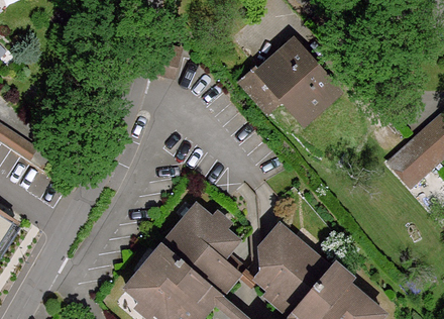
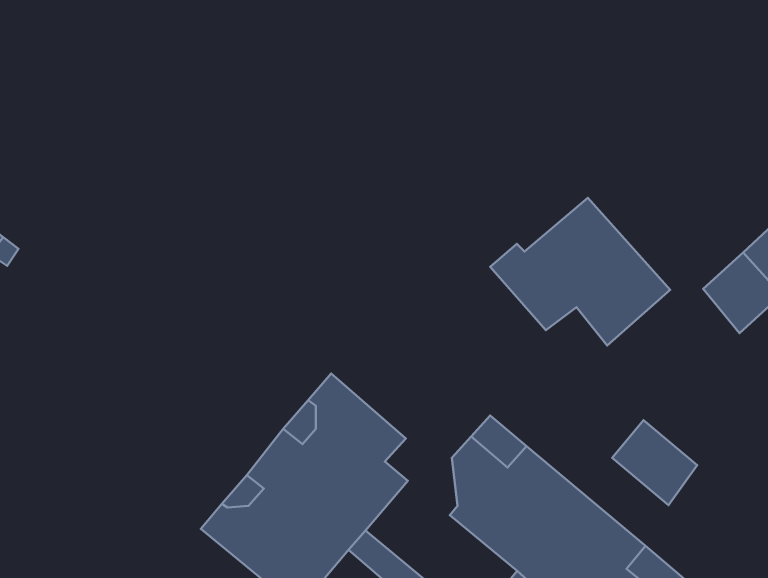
building: [241,44,336,122] -> [490,198,670,346]
building: none -> [612,420,697,505]

